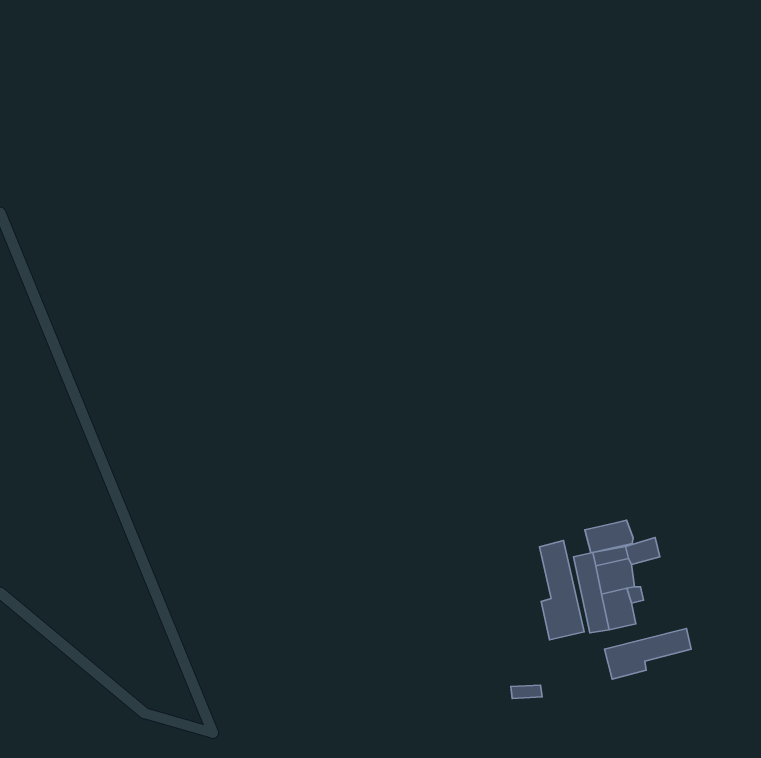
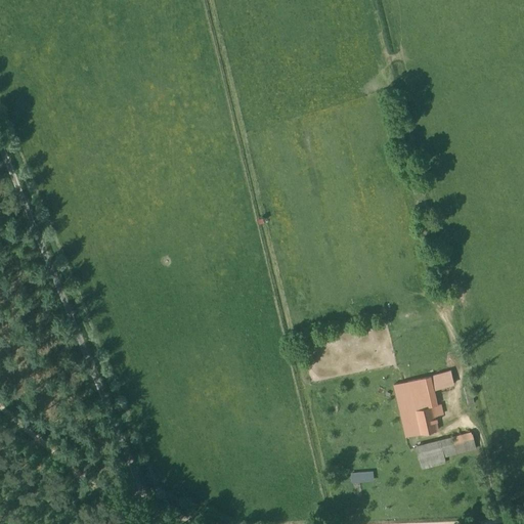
building: [585,520,633,553] -> none
building: [539,540,584,640] -> none

